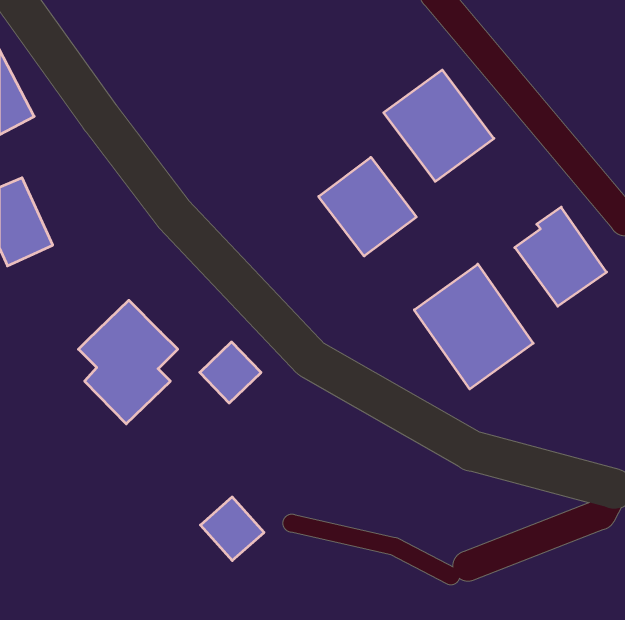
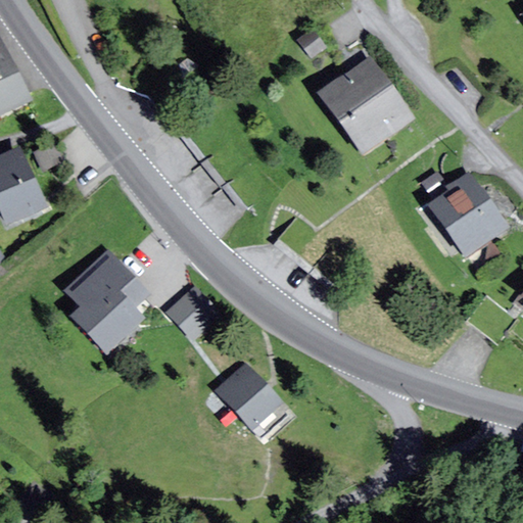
building: [319,157,416,256] -> none
building: [414,264,533,389] -> none
building: [200,497,264,561] -> [225,372,278,425]

